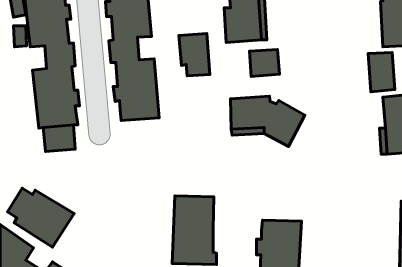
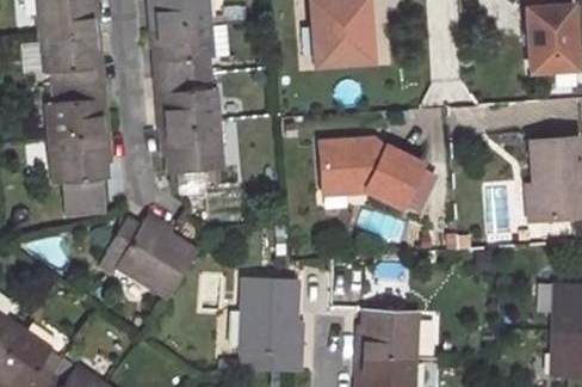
building: [179,34,210,76] -> none
building: [249,50,279,77] -> none
building: [368,52,395,92] -> none
building: [7,188,74,247] -> [109,216,200,297]

